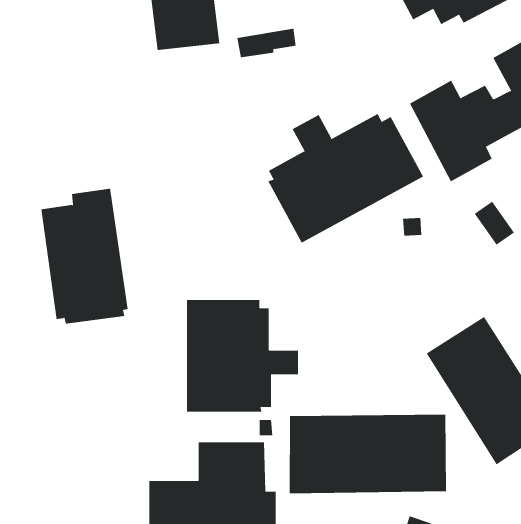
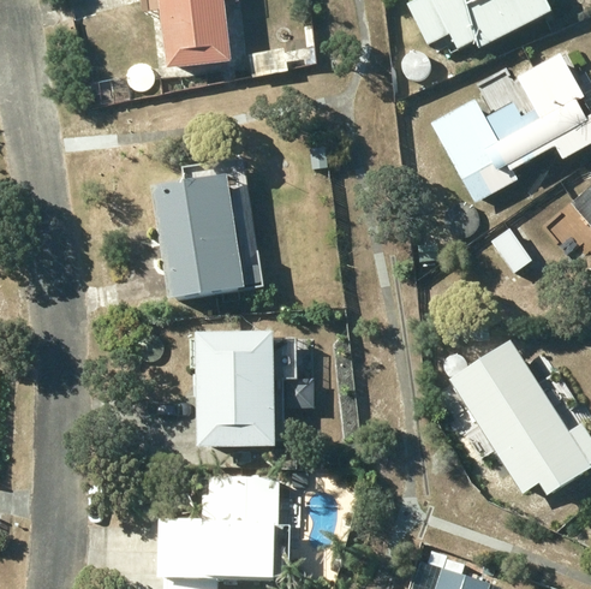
building: [267,113,424,243] -> none
building: [40,188,129,324] -> [154,159,244,298]
building: [289,414,447,494] -> none

